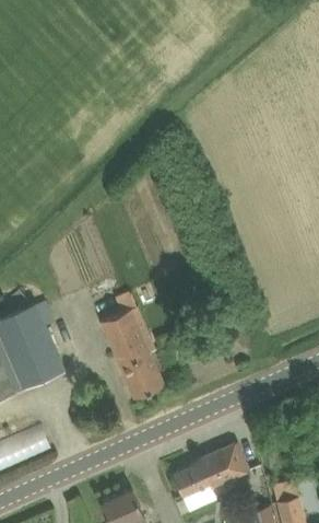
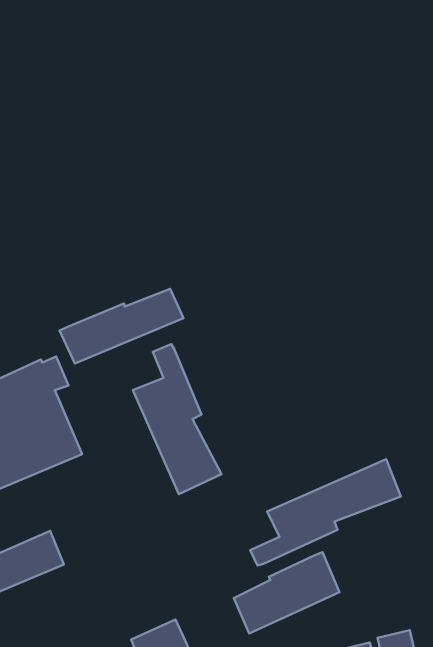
building: none -> [60,289,183,364]
building: none -> [250,459,401,566]

